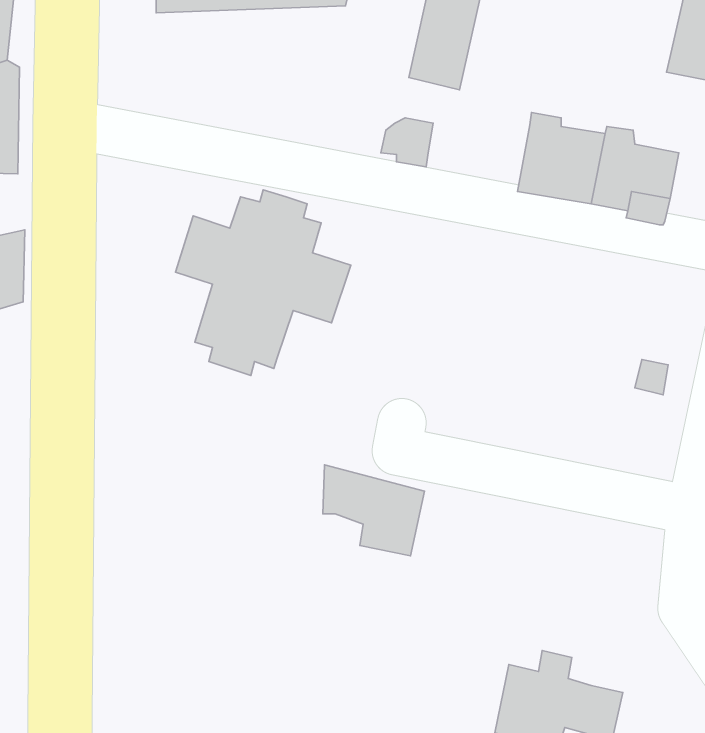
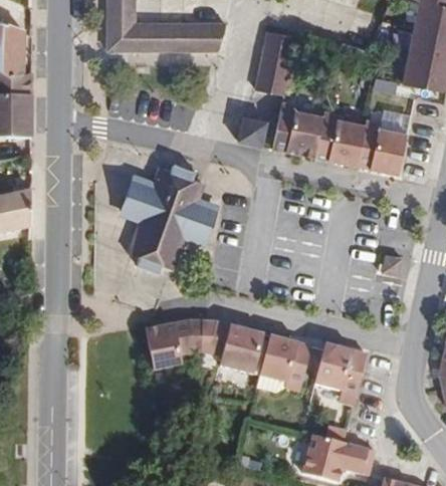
building: none -> [272,101,322,160]
building: none -> [147,316,205,366]
building: none -> [261,333,310,391]
building: none -> [315,339,366,402]

